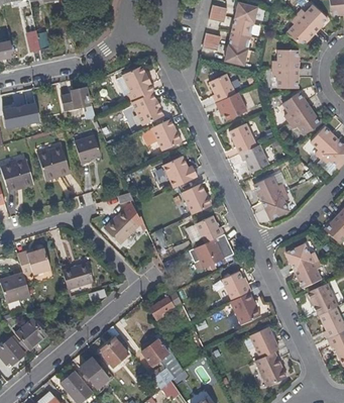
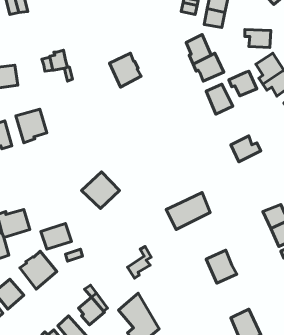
building: [269,45,296,68] -> none
building: [123,64,155,102] -> none
building: [151,118,182,150] -> none
building: [75,136,101,164] -> none
building: [240,143,268,169] -> [229,71,257,96]
building: [163,155,198,187] -> none
building: [183,183,212,213] -> none
building: [263,190,290,217] -> none
building: [195,212,226,242] -> none
building: [222,269,252,299] -> none
building: none -> [20,251,57,289]
building: [249,326,277,358] -> none

